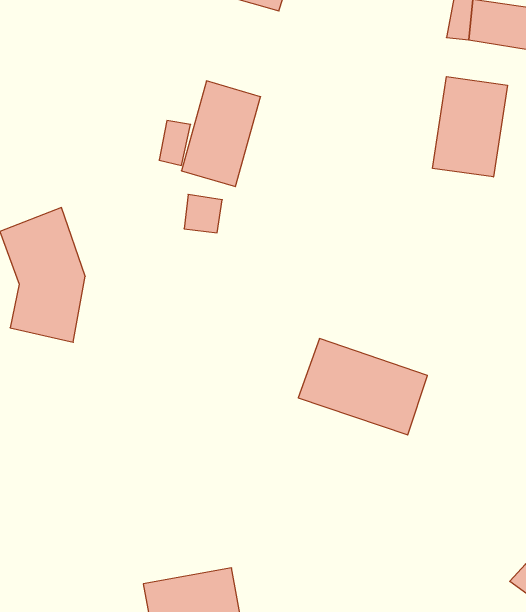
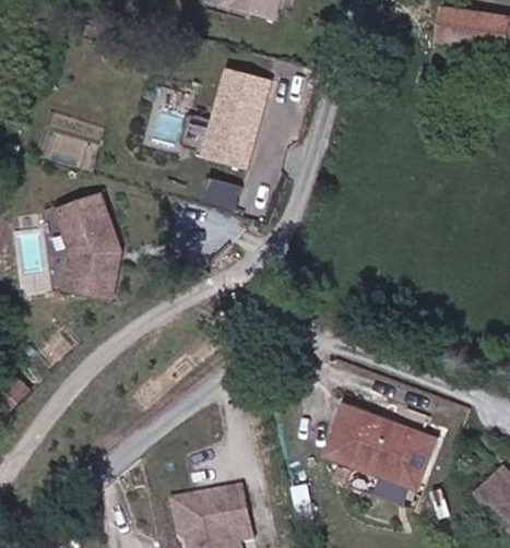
building: [433,77,507,177] -> none
building: [298,339,427,435] -> [332,409,439,489]

